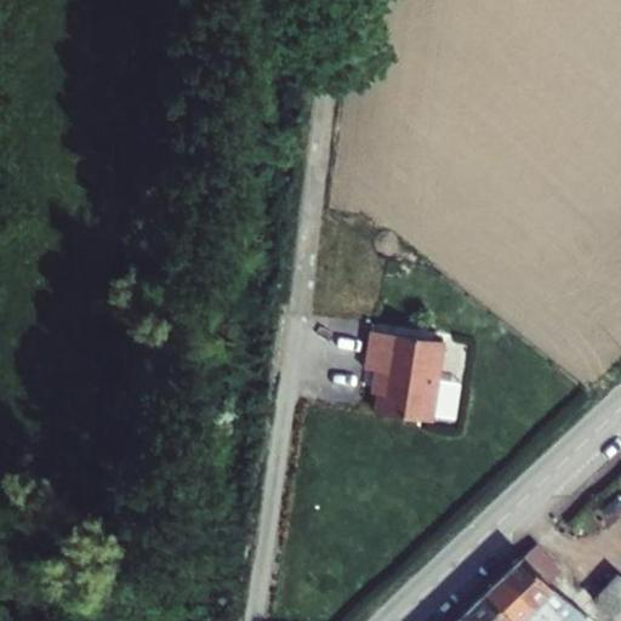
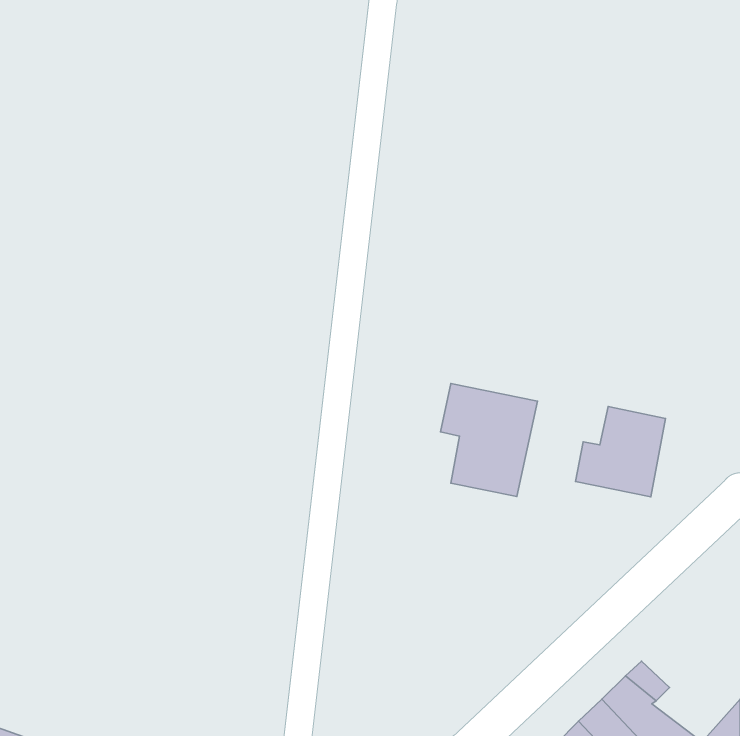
building: none -> [575,407,666,497]

